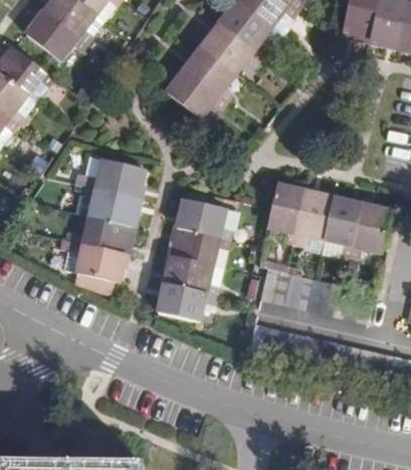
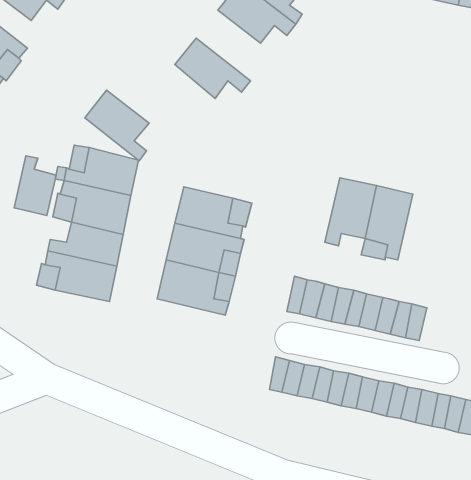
building: [188,49,239,105] -> [85,90,149,161]
building: none -> [14,156,56,216]
building: [264,176,302,234] -> none
building: [349,196,389,250] -> none
building: [151,279,211,315] -> none

